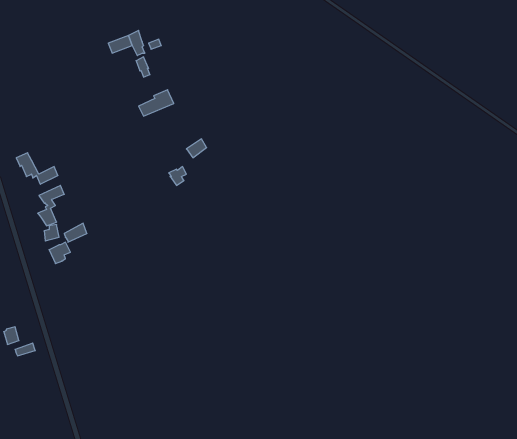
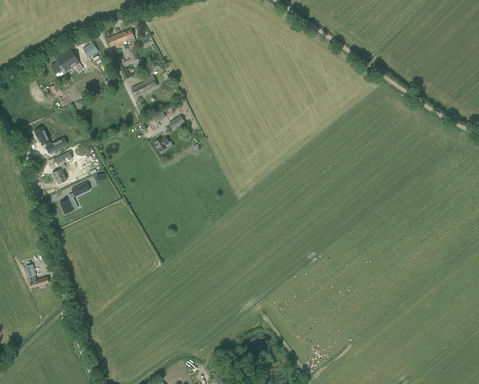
building: none -> [51,47,80,76]

